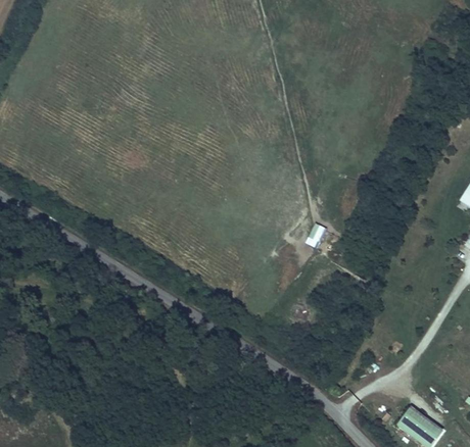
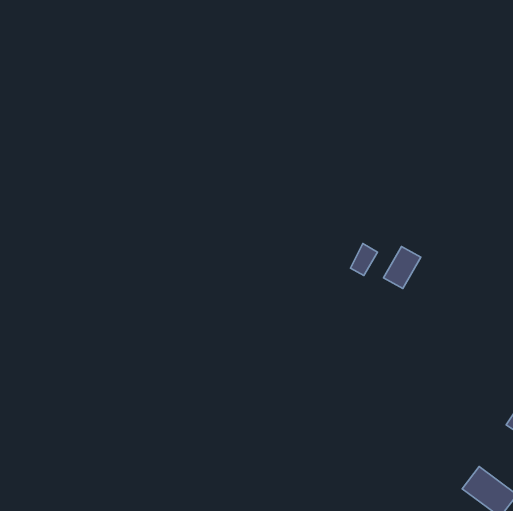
building: none -> [384,247,421,288]

